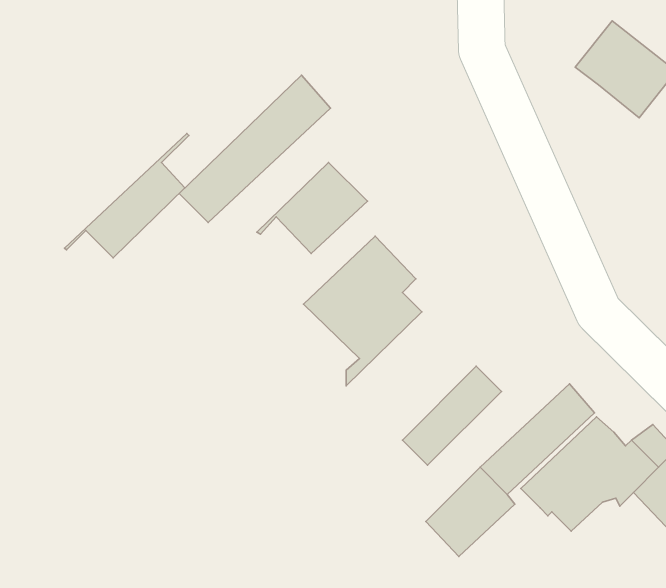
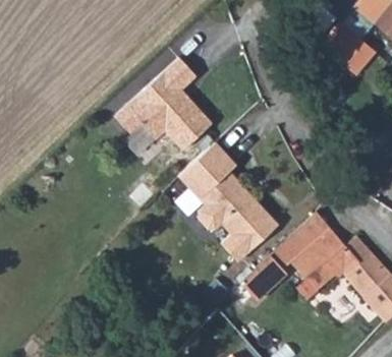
building: [65,133,189,258] -> [127,73,192,138]
building: none -> [200,180,268,247]

